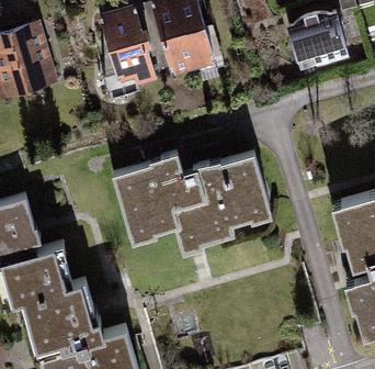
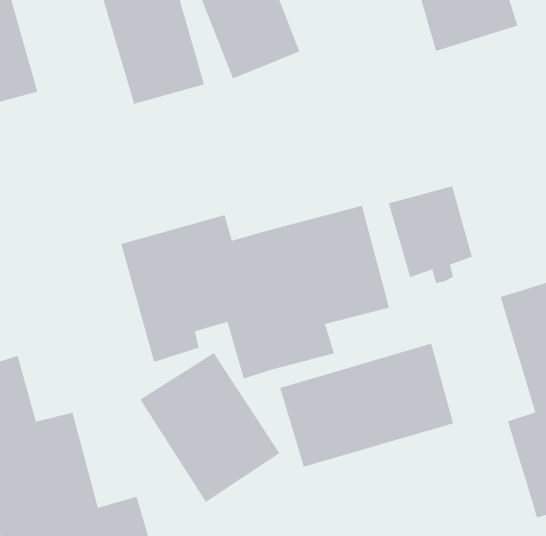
building: none -> [388,185,473,284]
building: none -> [279,343,454,468]
building: none -> [139,352,280,503]

